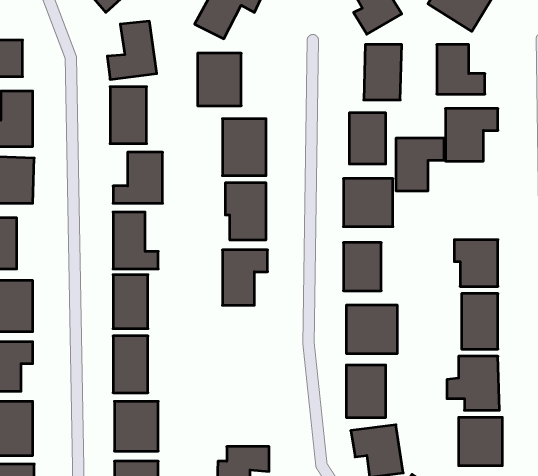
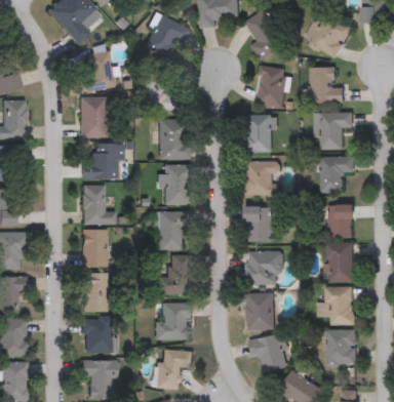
building: [396,138,444,191] -> [320,157,354,194]
building: none -> [158,257,190,295]
building: none -> [155,304,187,340]

